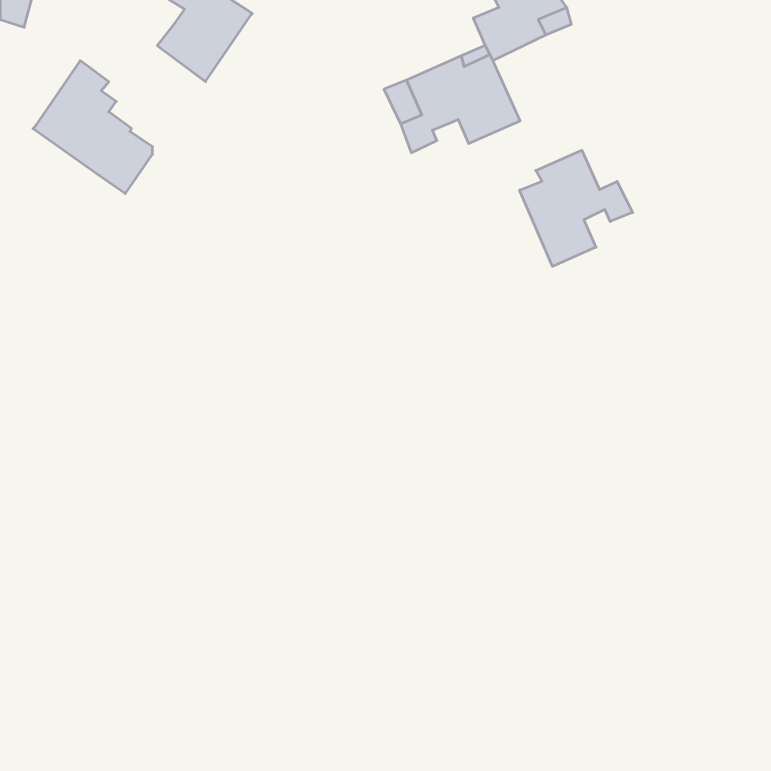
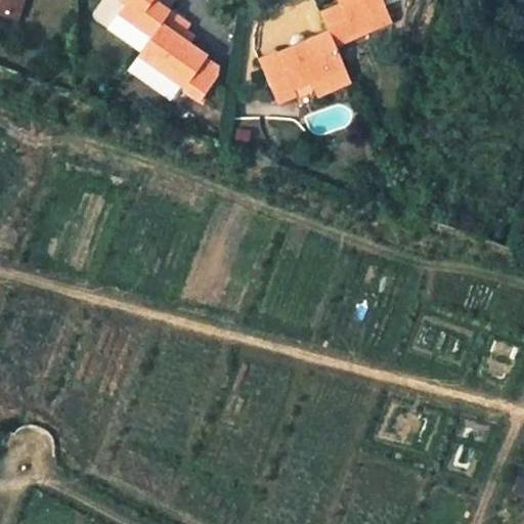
building: [33,61,153,194] -> [139,10,220,100]
building: [520,150,633,266] -> none

